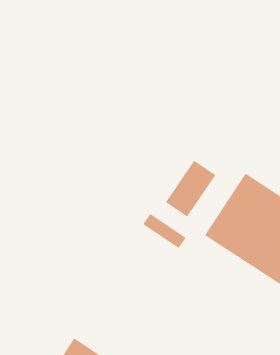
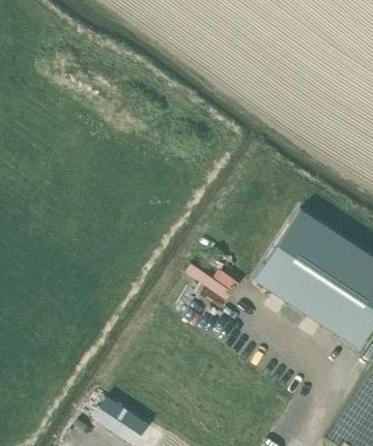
building: [165,160,216,218] -> none

